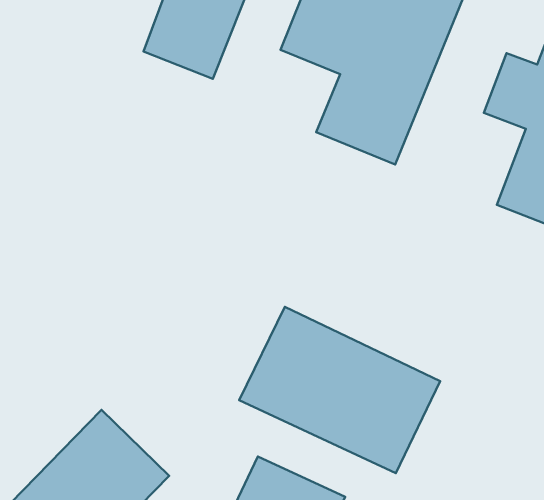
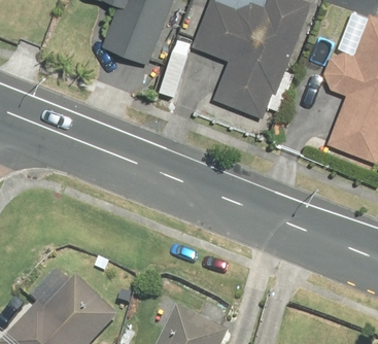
building: [239,307,440,473] -> none

